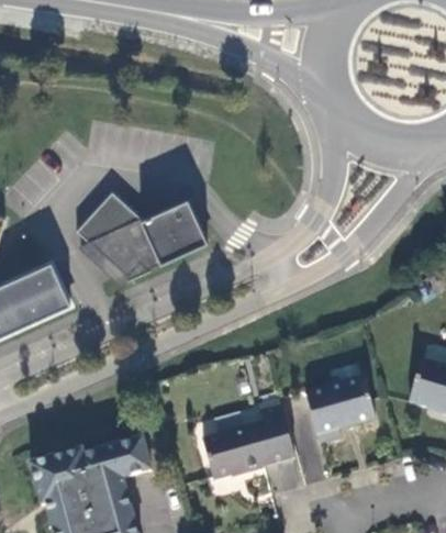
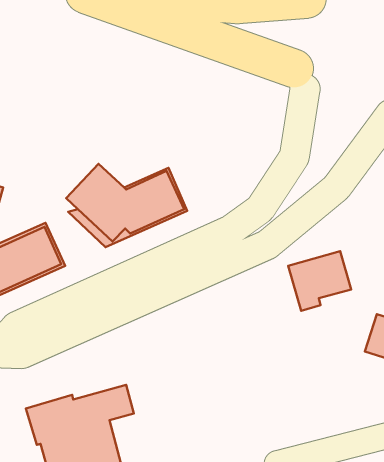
building: [305,376,376,443] -> [288,251,351,311]
building: [203,400,296,479] -> none

